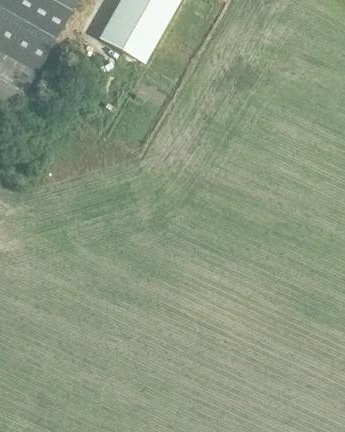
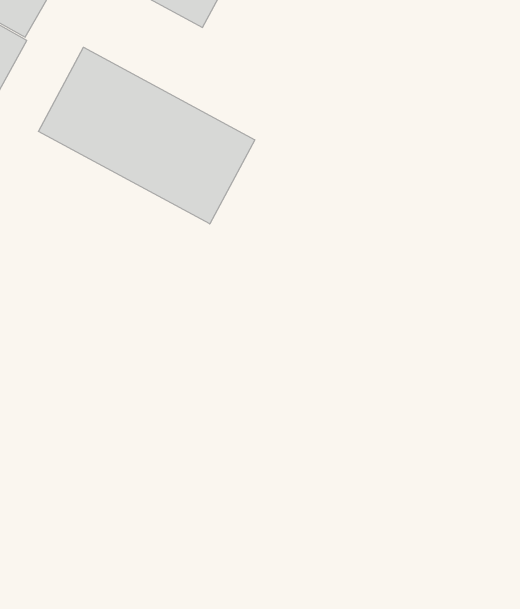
building: none -> [38,47,255,224]

